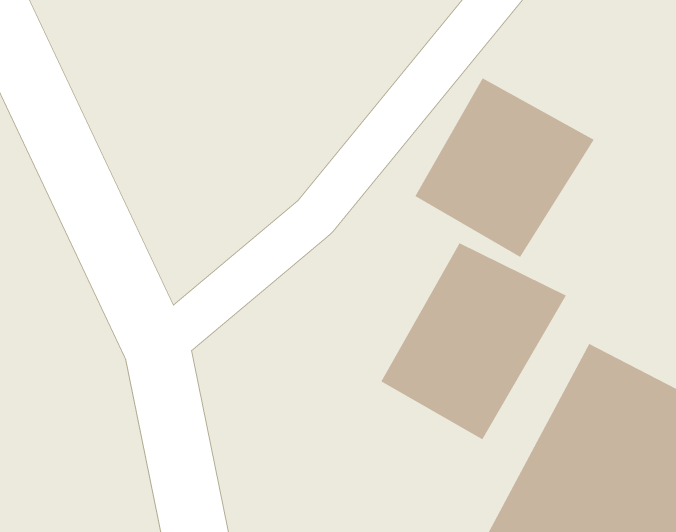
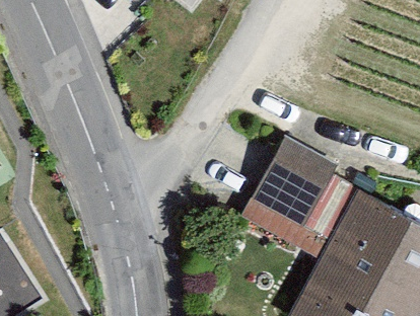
building: [414,77,594,258] -> none

